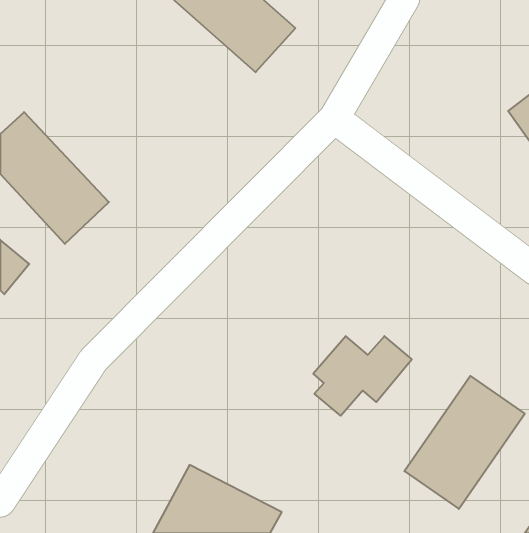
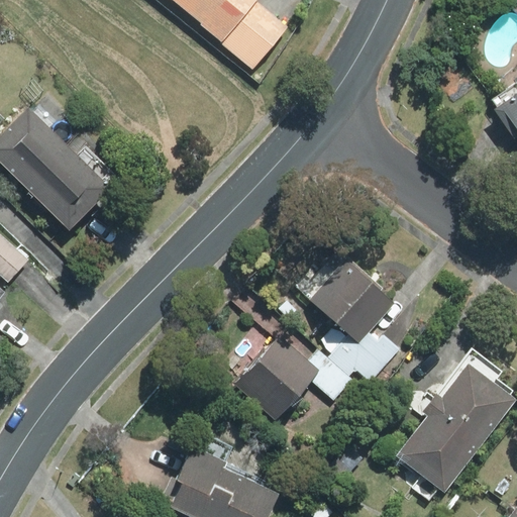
building: none -> [308,255,396,342]
building: none -> [236,335,318,418]

